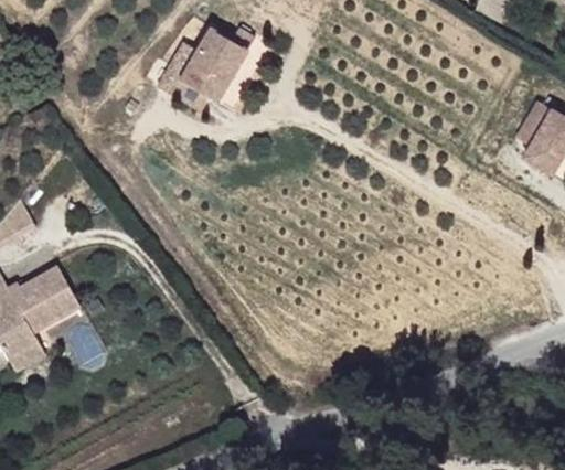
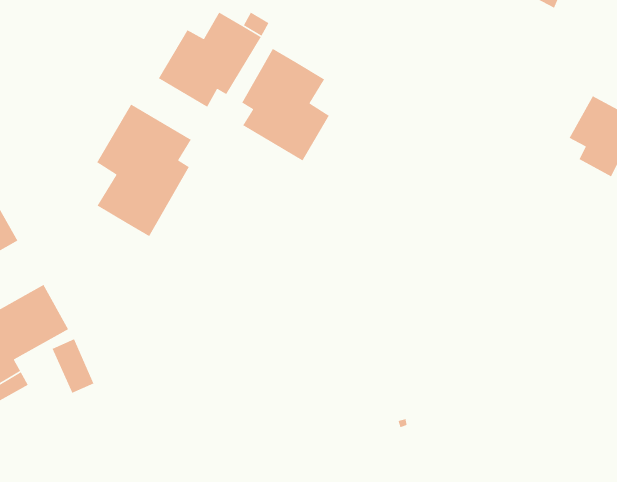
building: none -> [241,48,330,161]
building: none -> [96,104,192,237]

